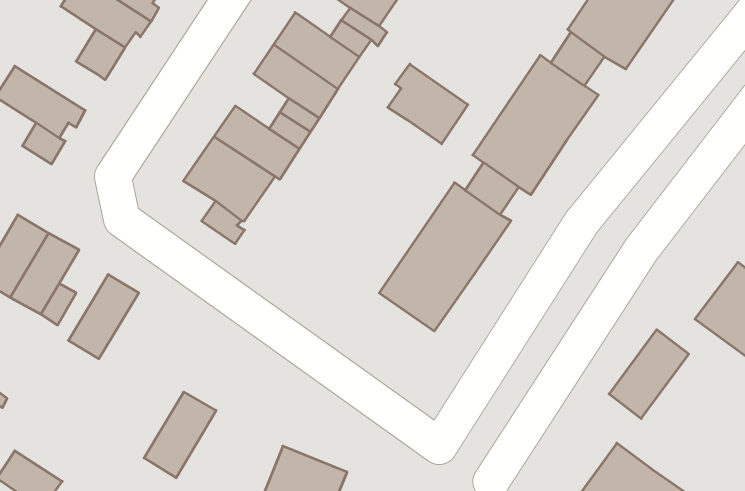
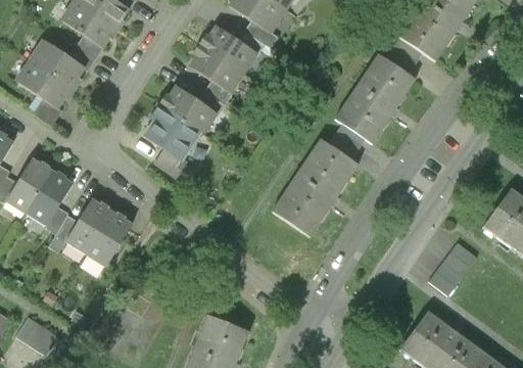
building: none -> [29,38,85,89]
building: [388,64,468,144] -> none
building: [144,392,216,478] -> [85,211,133,268]

